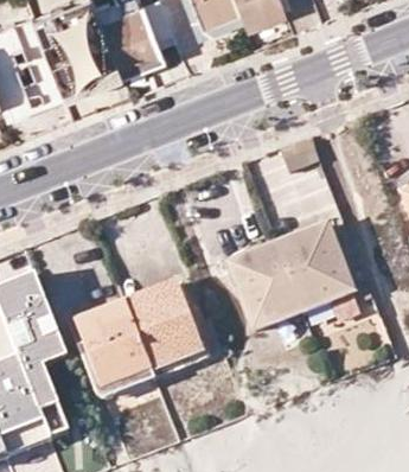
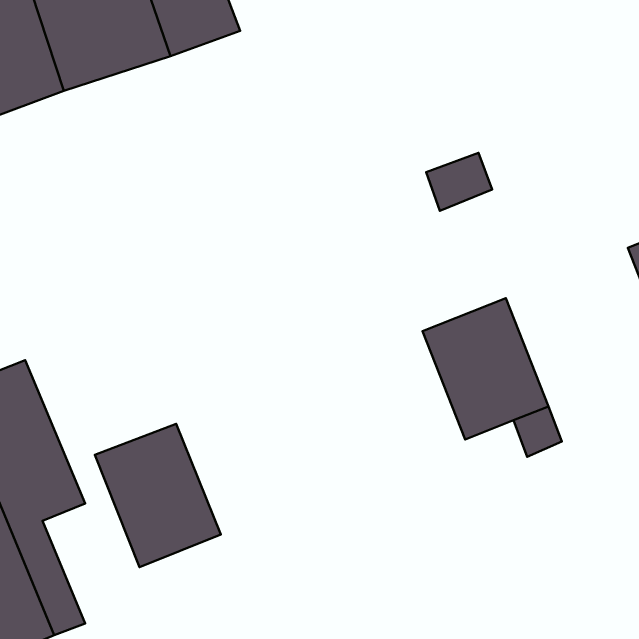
building: [223,245,300,332] -> none
building: [123,282,200,370] -> none

